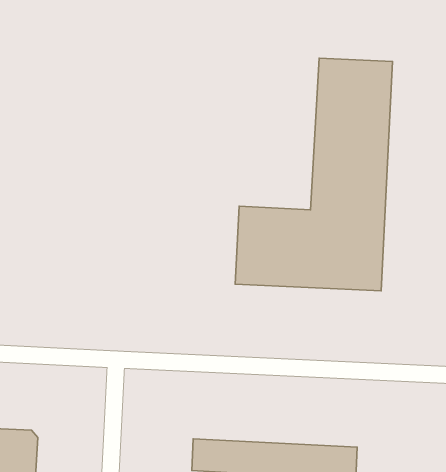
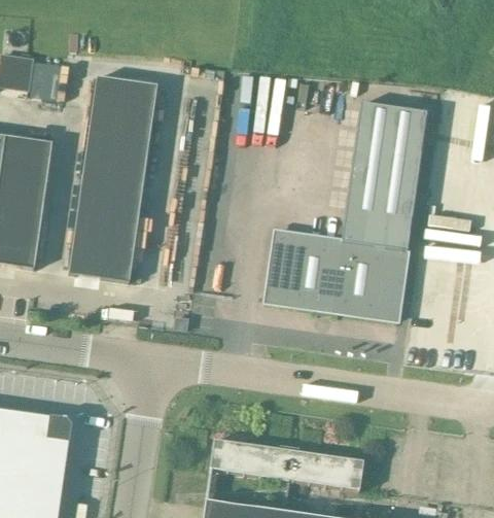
building: none -> [67,76,156,282]

